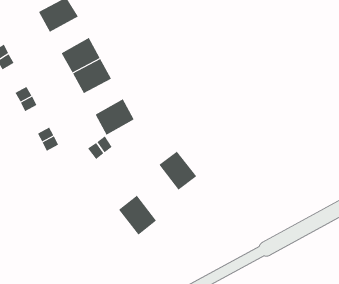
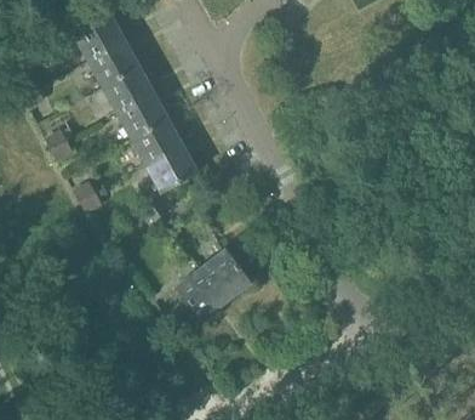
building: none -> [87,39,138,86]
building: none -> [131,119,182,165]
building: [158,151,197,190] -> [200,250,250,301]

